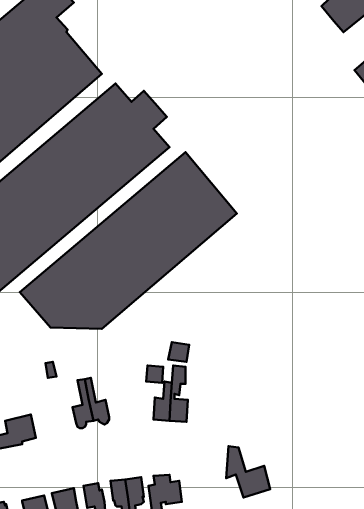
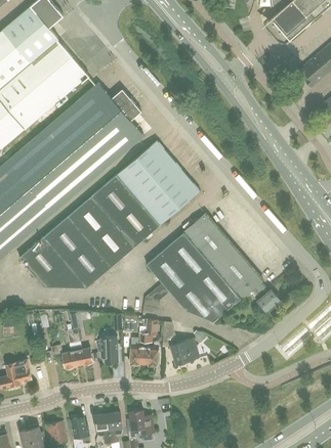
building: none -> [147,213,281,321]
building: none -> [100,337,118,364]
building: [226,446,270,498] -> [162,321,199,364]

